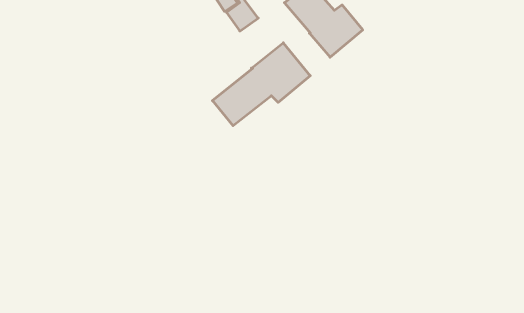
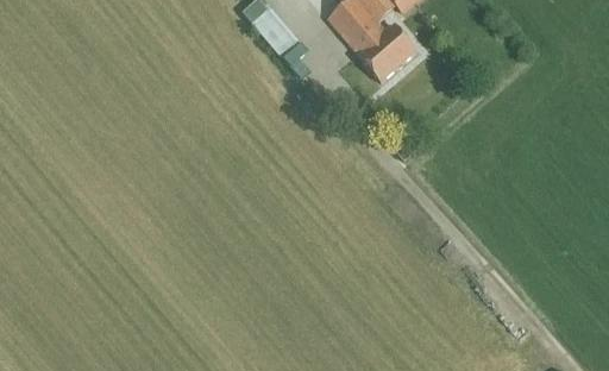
building: [212,43,310,126] -> none

